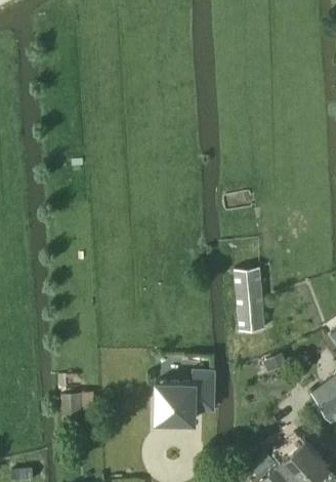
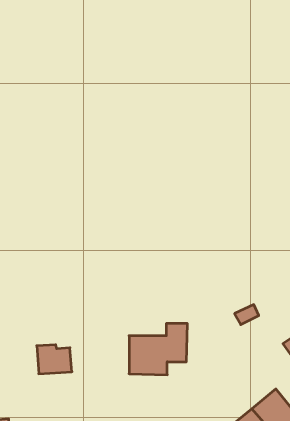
building: [235,268,264,330] -> none

